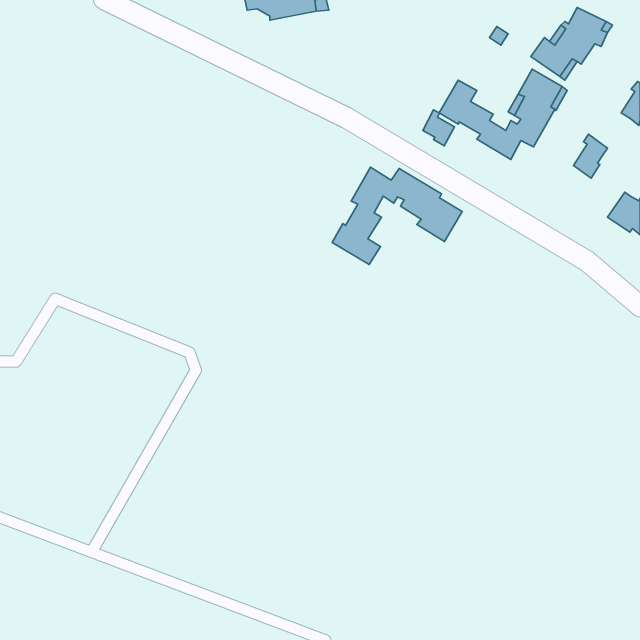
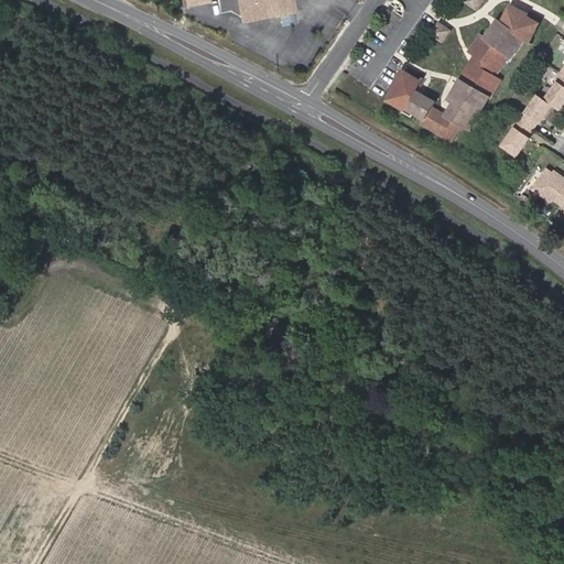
building: none -> [517,94,554,130]
building: [423,110,454,146] -> none
building: [332,167,462,264] -> none

